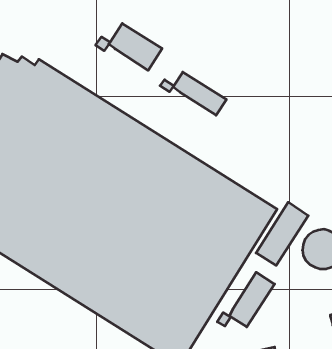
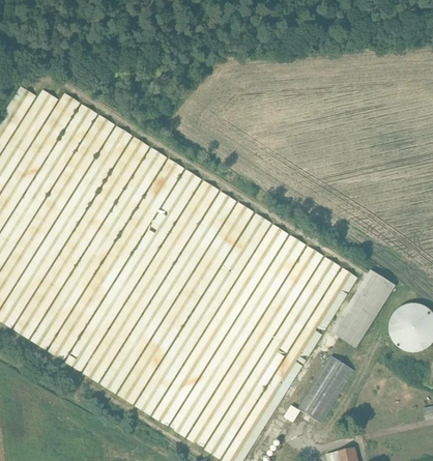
building: [96,23,162,70] -> none
building: [160,72,226,115] -> none

